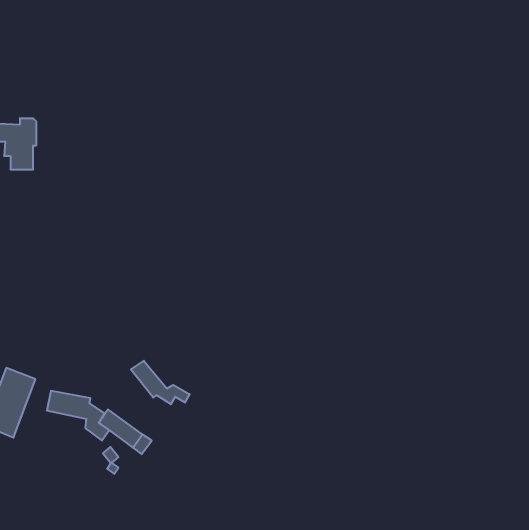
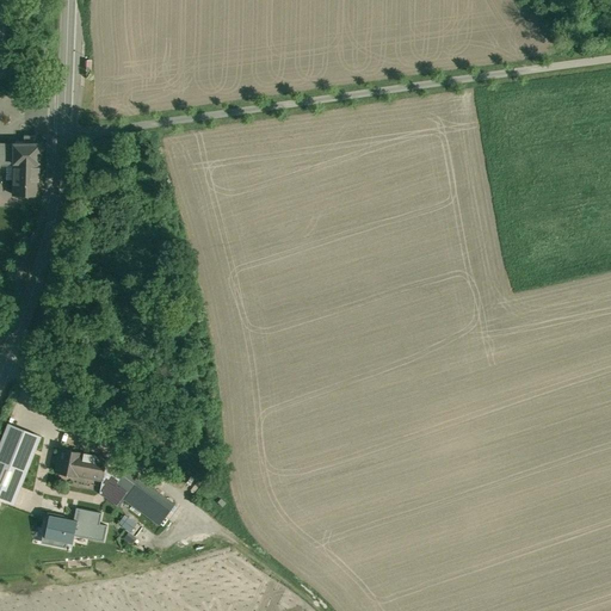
building: [131,361,190,404] -> none
building: none -> [38,508,105,550]

